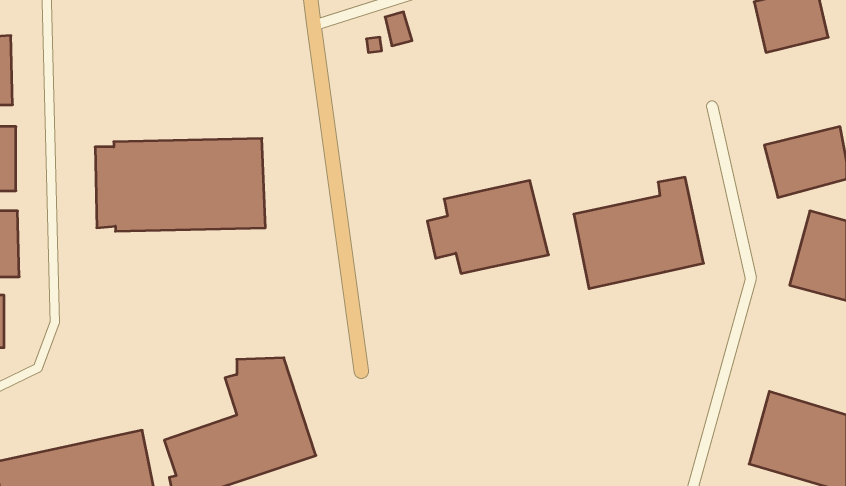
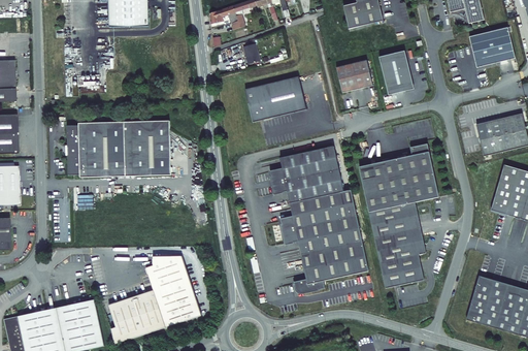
building: none -> [378,50,411,94]
building: none -> [335,59,372,92]
building: none -> [243,75,306,122]
building: none -> [279,190,368,293]
building: none -> [368,201,426,288]

